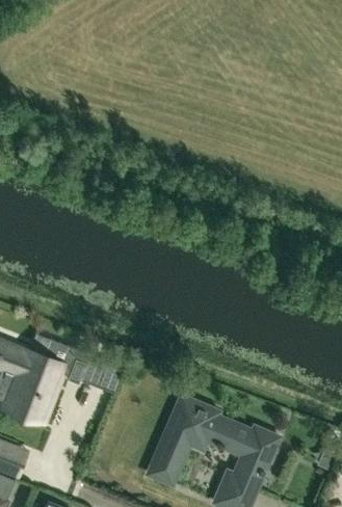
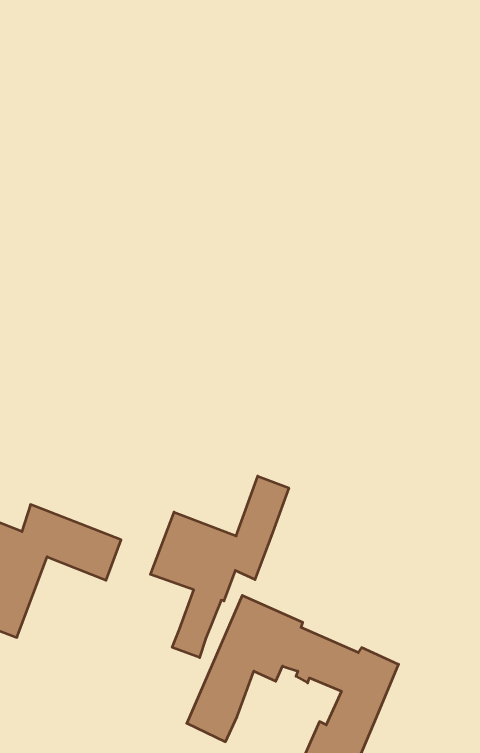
building: none -> [150,476,289,658]

